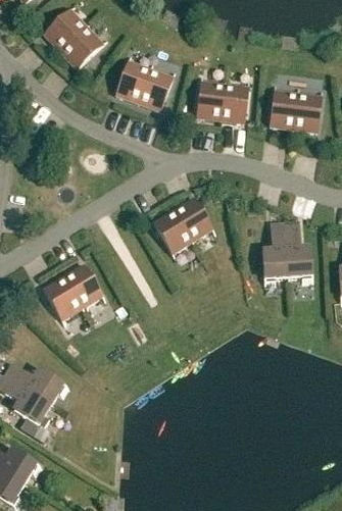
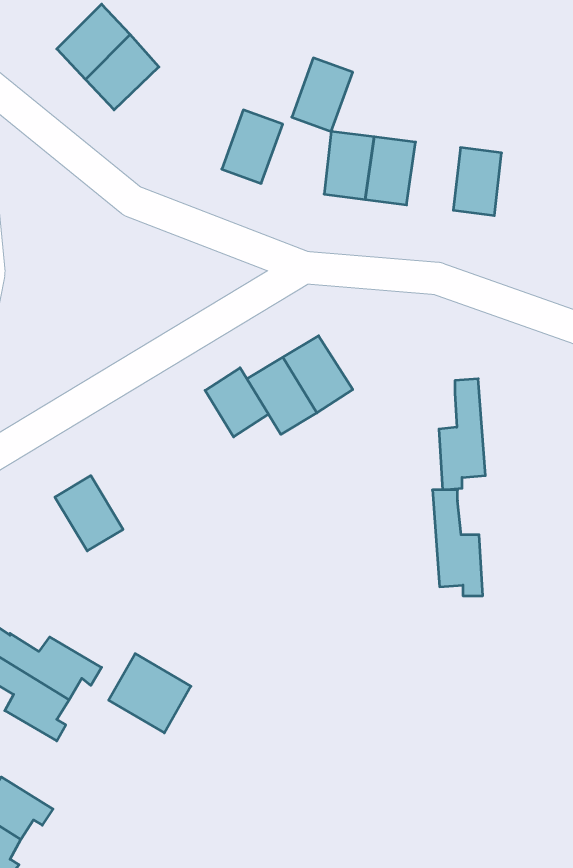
building: [115,59,150,101] -> [292,58,353,131]
building: [293,92,321,131] -> none
building: none -> [205,368,269,437]
building: [284,220,312,280] -> [432,490,483,596]
building: [63,263,102,306] -> none
building: none -> [109,654,191,733]

